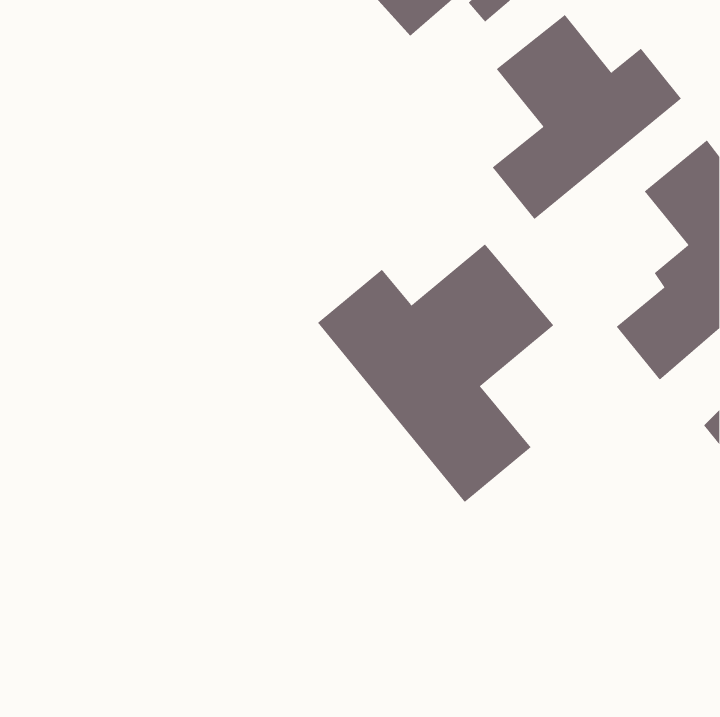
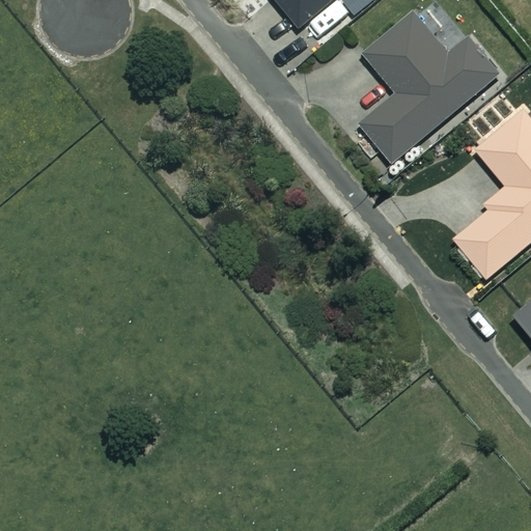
building: [317,243,554,503] -> none

